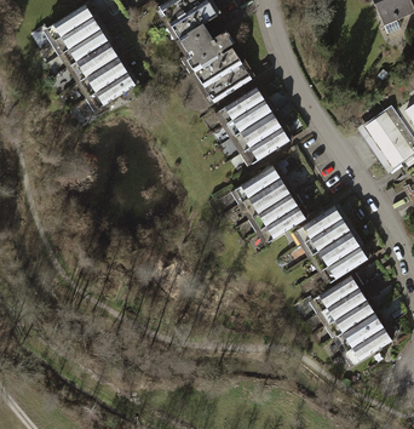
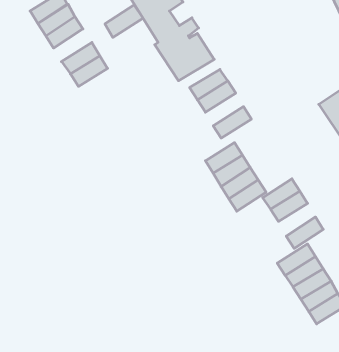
building: [76,44,117,79] -> [105,5,143,37]
building: [240,113,281,148] -> none
building: [318,231,358,267] -> none

